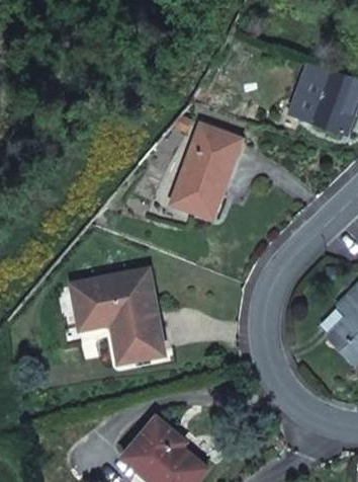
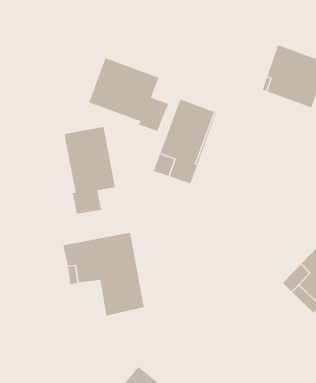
building: none -> [89,57,169,132]
building: none -> [64,126,116,215]

